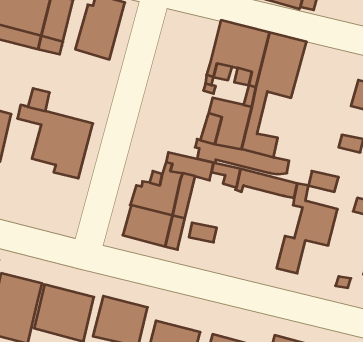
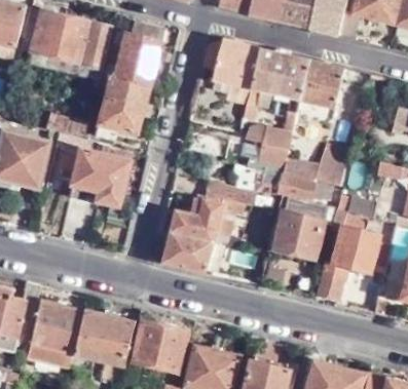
building: none -> [201,38,259,88]
building: none -> [94,75,148,140]
building: none -> [316,148,349,189]
building: none -> [272,211,322,258]

